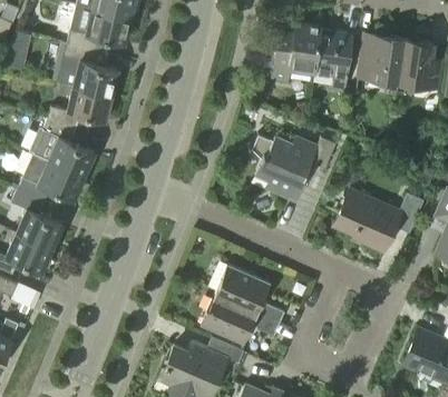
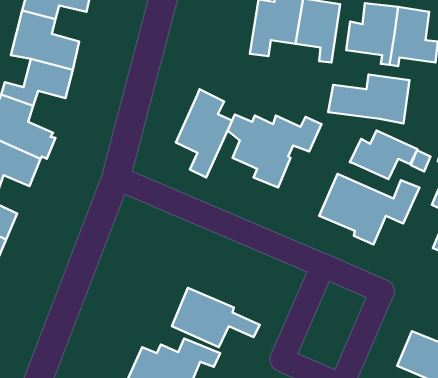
building: none -> [328,75,409,123]
building: none -> [176,89,232,178]
building: none -> [350,130,417,179]
building: [216,265,285,325] -> none

